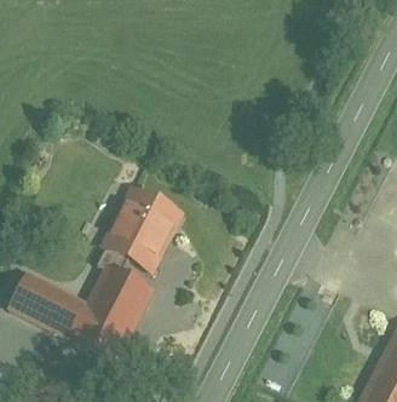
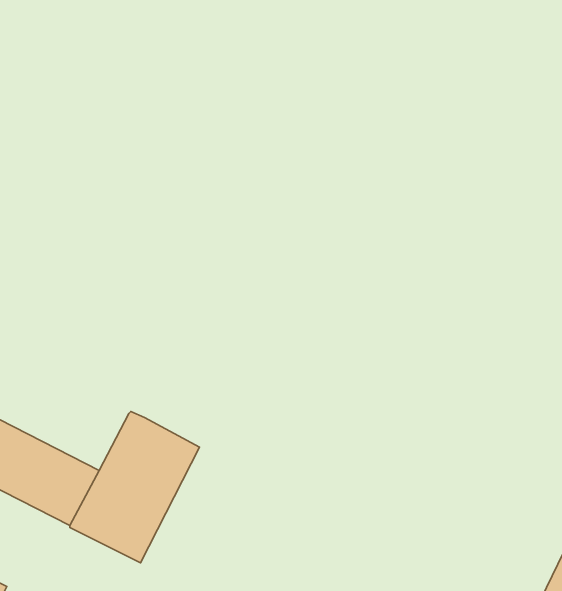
building: [99,190,180,271] -> none

